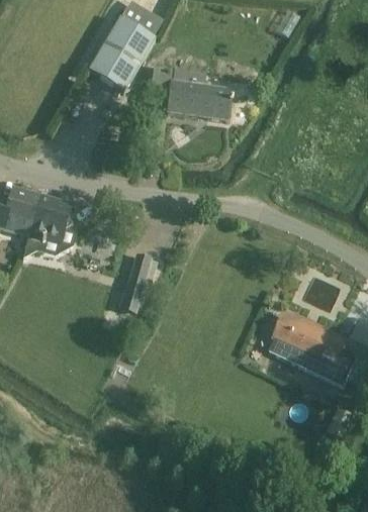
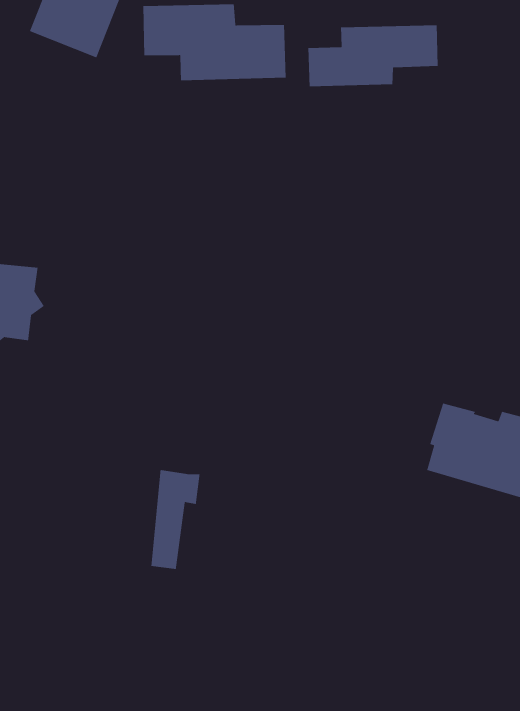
building: none -> [308,24,438,87]
building: [121,254,158,312] -> [150,469,200,570]

